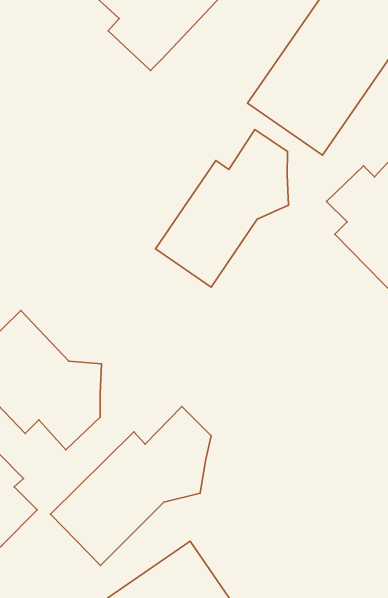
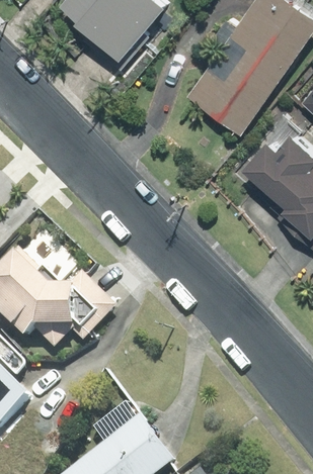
building: [156,130,288,287] -> none
building: [50,407,211,565] -> none

